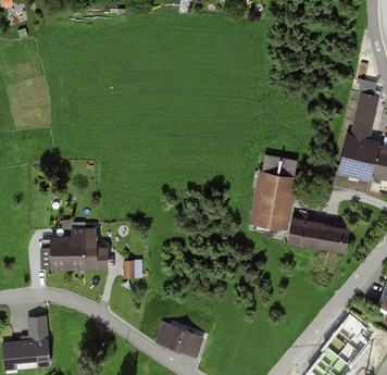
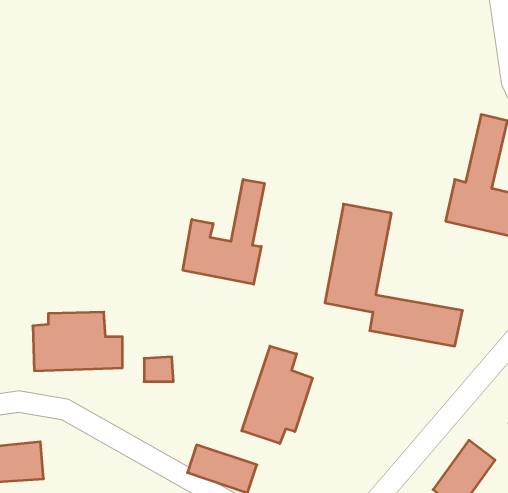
building: none -> [183,179,264,284]
building: none -> [242,346,312,444]

